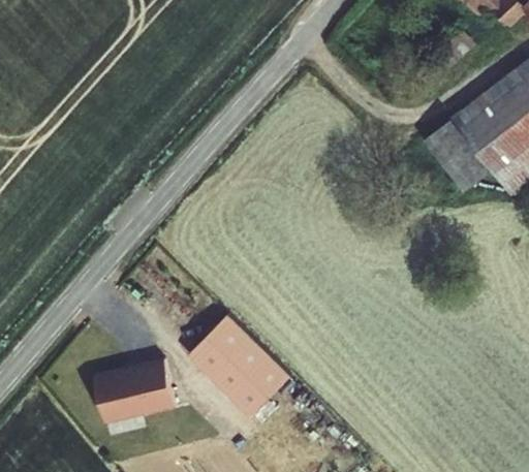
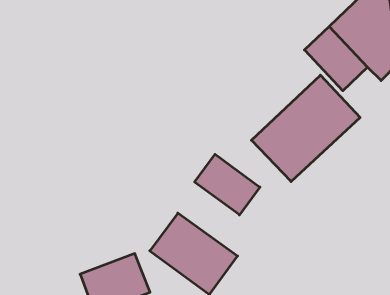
building: none -> [251,75,360,182]
building: none -> [195,154,260,215]

